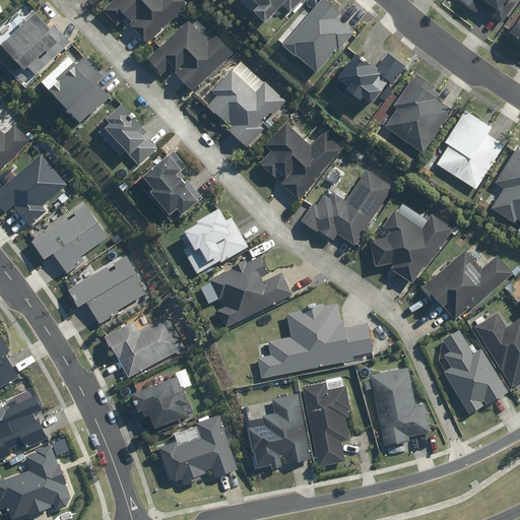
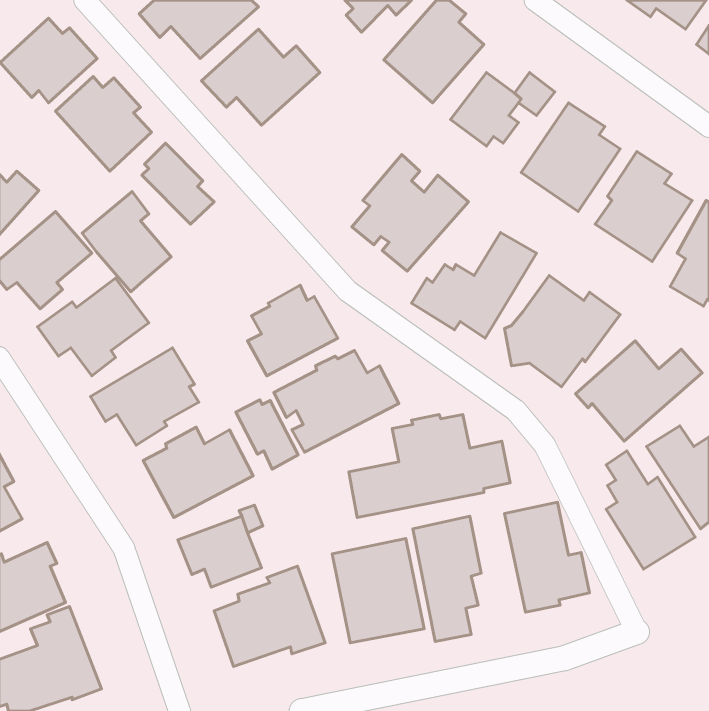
building: [205,60,286,148] -> none
building: [137,150,202,223] -> [82,192,171,292]
building: none -> [236,400,298,469]

